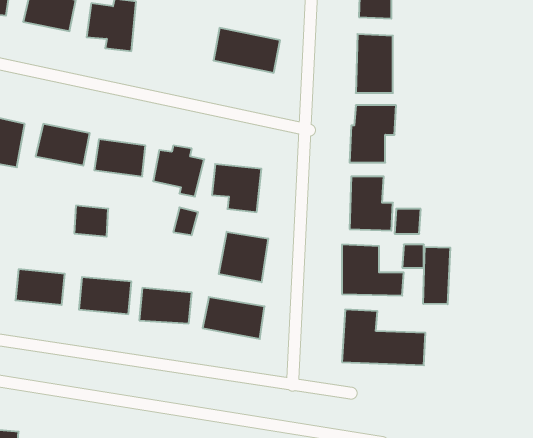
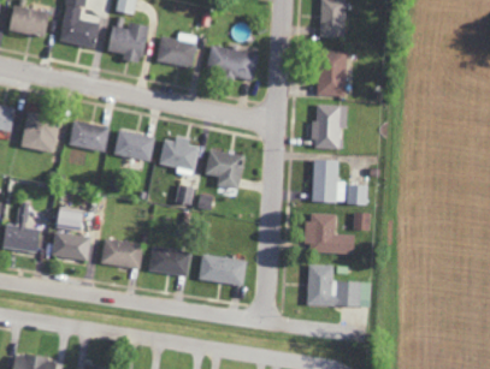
building: none -> [157,35,197,67]
building: [74,206,108,237] -> [57,207,83,231]
building: [219,232,268,282] -> none
building: [423,247,450,304] -> none

